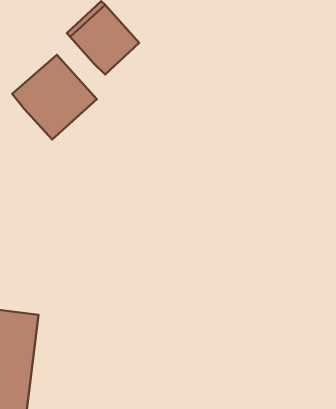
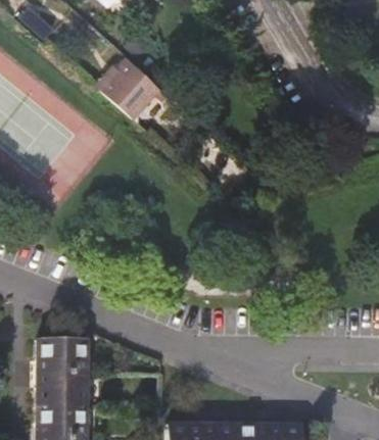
building: [12,55,97,140] -> none

